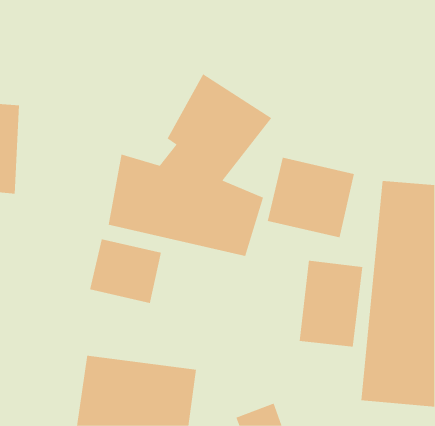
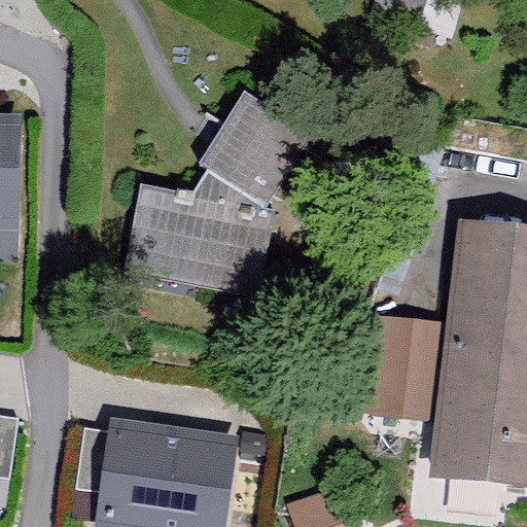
building: [267,157,354,238] -> none
building: [90,238,162,304] -> none

